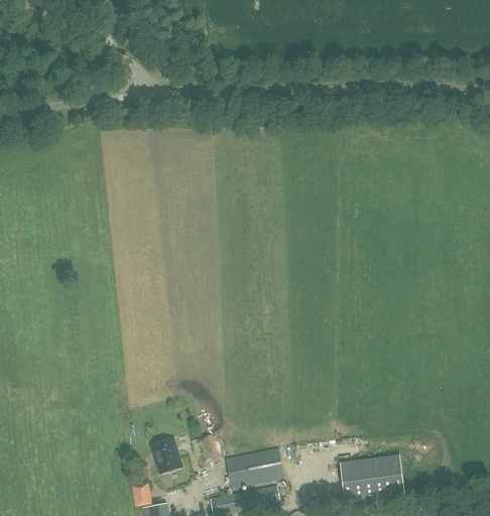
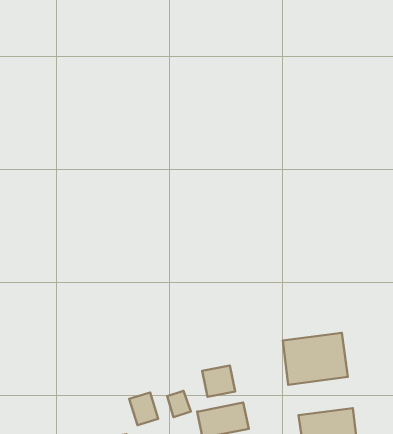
building: none -> [283,333,348,385]
building: none -> [202,365,235,397]

